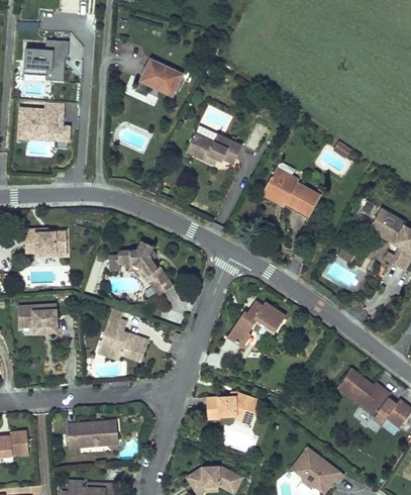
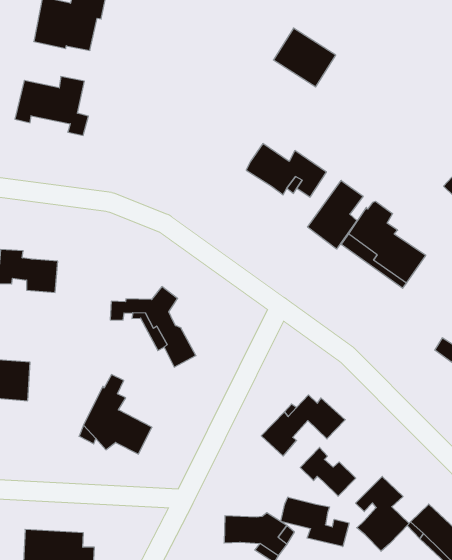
building: [147,58,191,97] -> [273,28,336,87]
building: none -> [308,180,363,249]
building: none -> [300,447,356,496]
building: none -> [356,476,409,551]
building: none -> [281,497,349,547]

